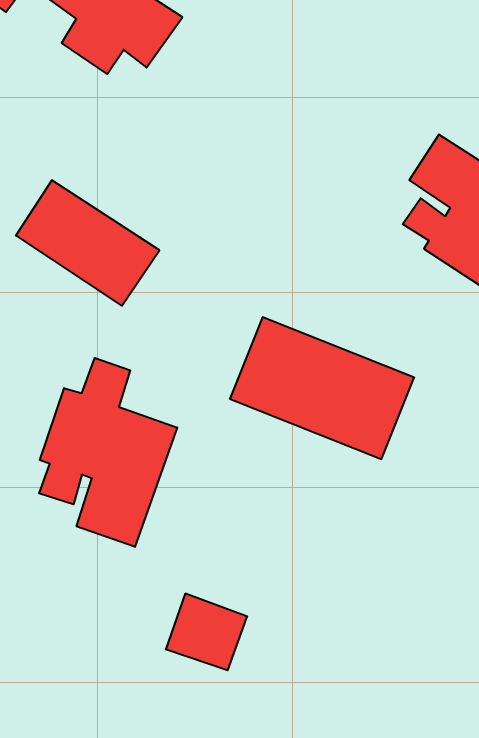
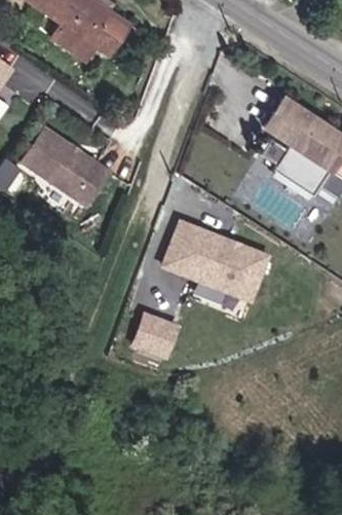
building: [39,358,177,547] -> none
building: [166,594,247,670] -> [131,310,183,359]

